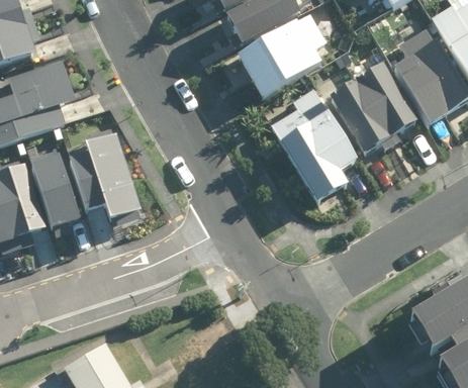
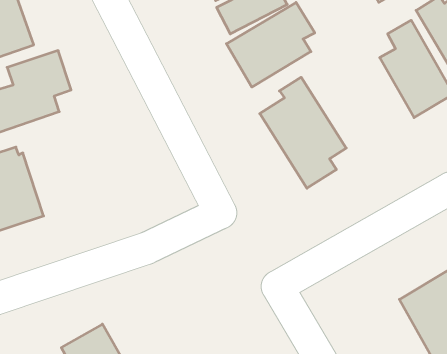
building: [327,64,416,154] -> none
building: [70,127,142,221] -> none
building: [31,151,80,228] -> none

